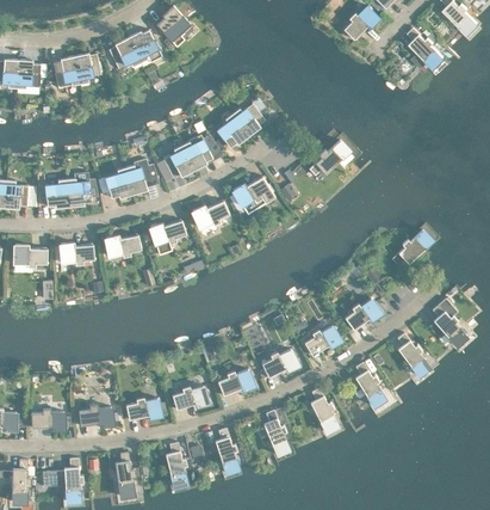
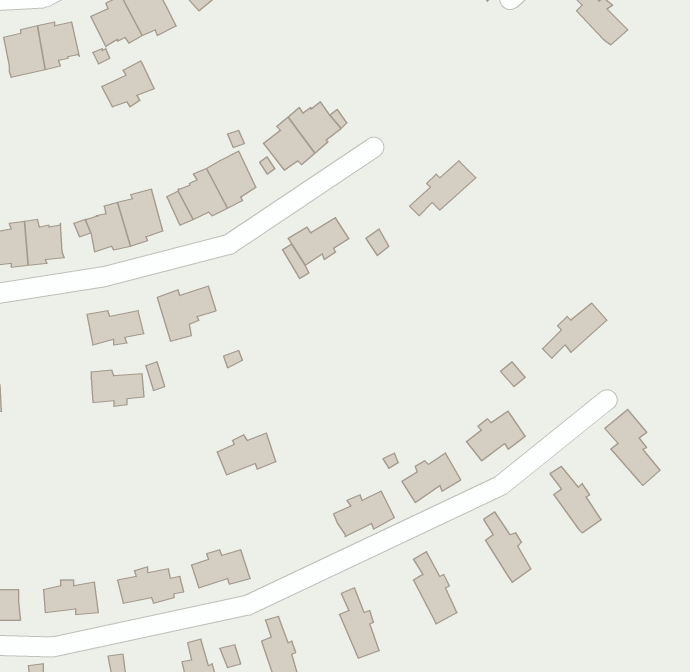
building: none -> [102,61,154,107]
building: [191,201,229,228] -> none
building: [60,242,93,265] -> [91,370,144,406]
building: [216,369,253,395] -> [217,433,276,475]

